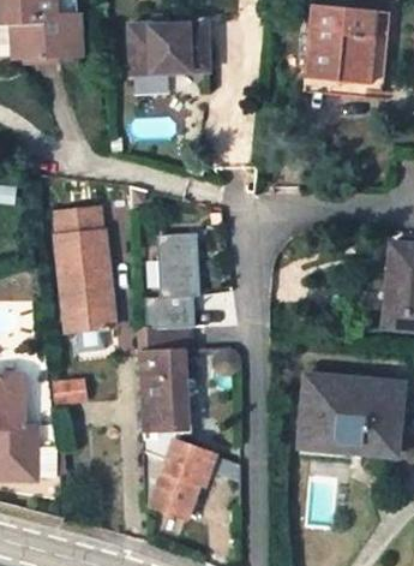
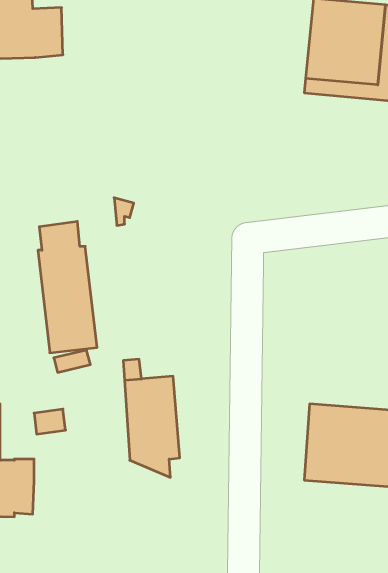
building: [132,25,206,75] -> none
building: [143,230,220,326] -> none
building: [143,428,209,514] -> none

